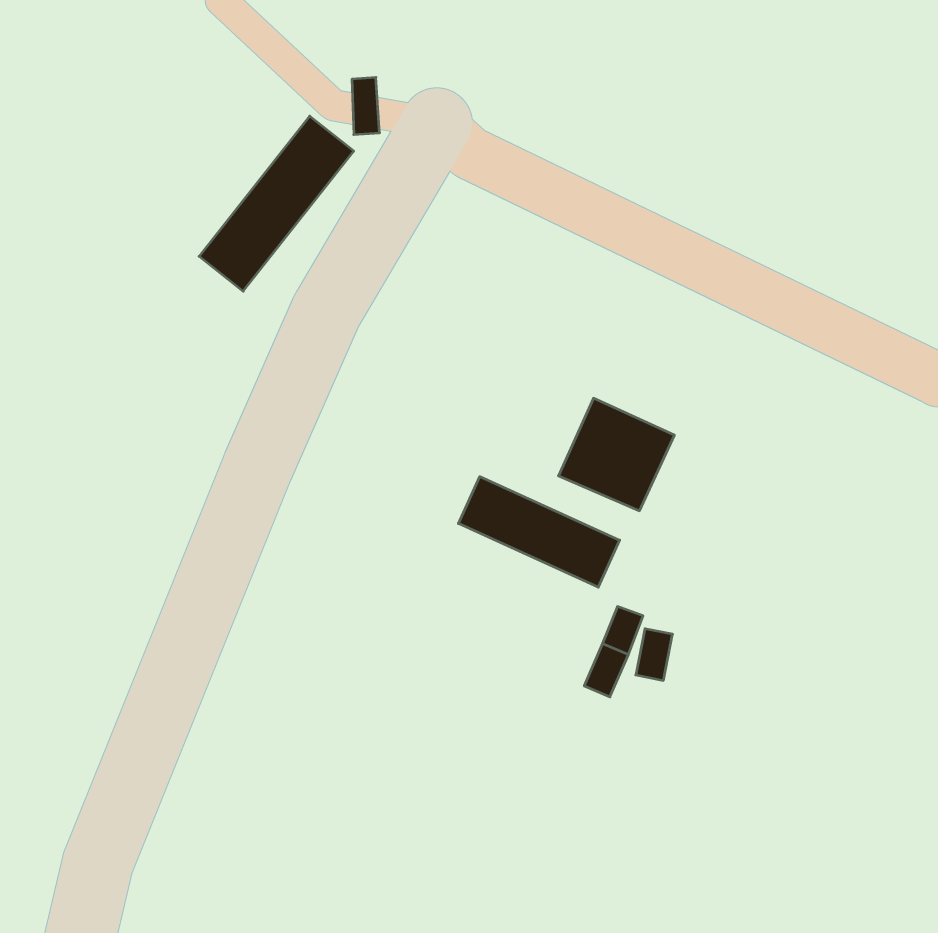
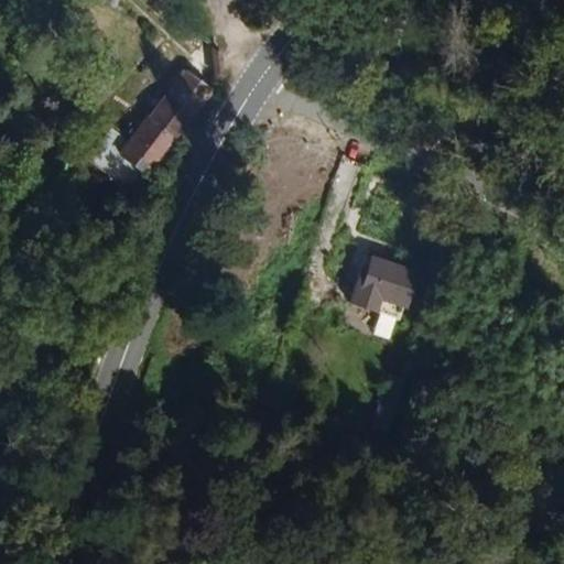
building: [458,477,620,587] -> none

